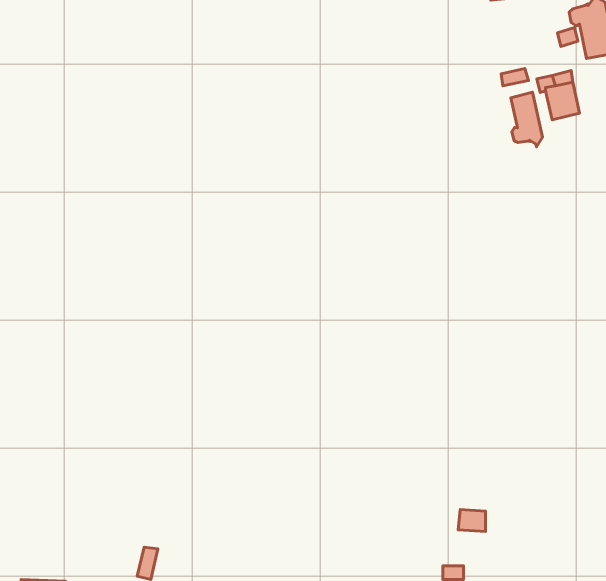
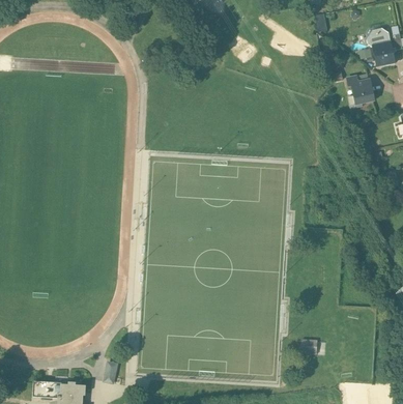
building: [511,92,543,147] -> none

